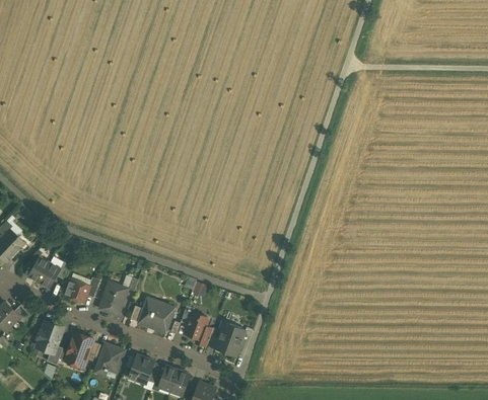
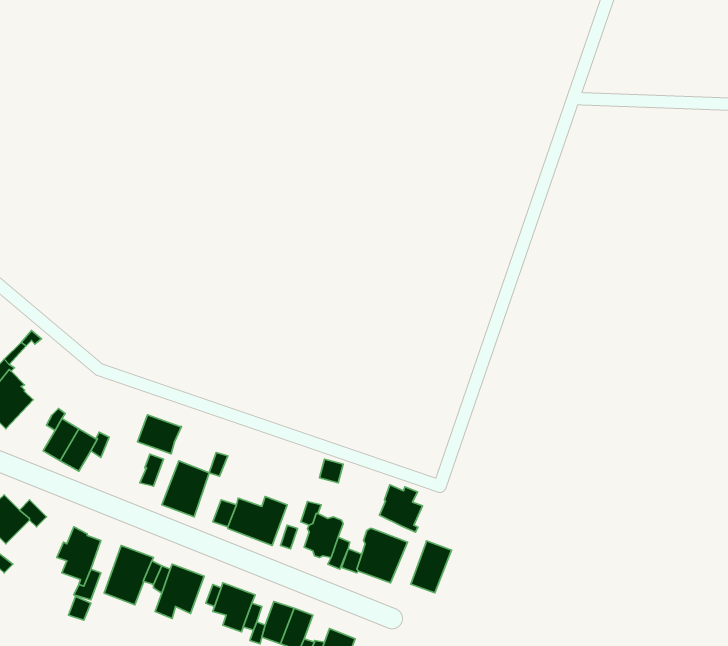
building: [64,278,90,302] -> [137,415,181,454]
building: none -> [379,485,422,532]
building: none -> [411,541,451,593]

